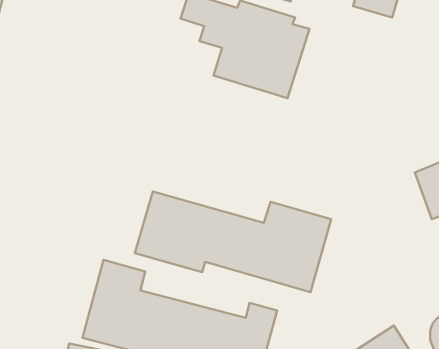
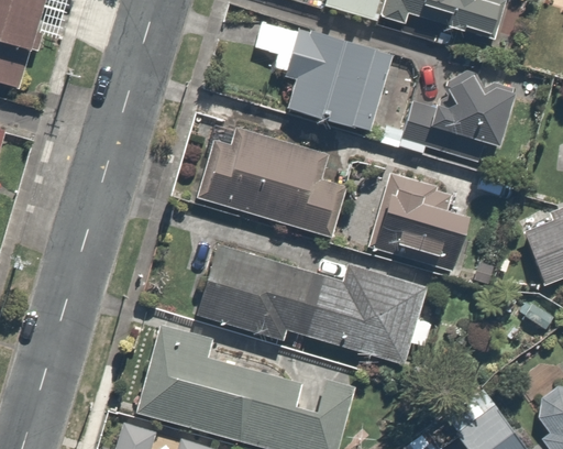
building: none -> [433,69,522,151]
building: none -> [206,129,339,230]
building: none -> [374,172,476,261]

